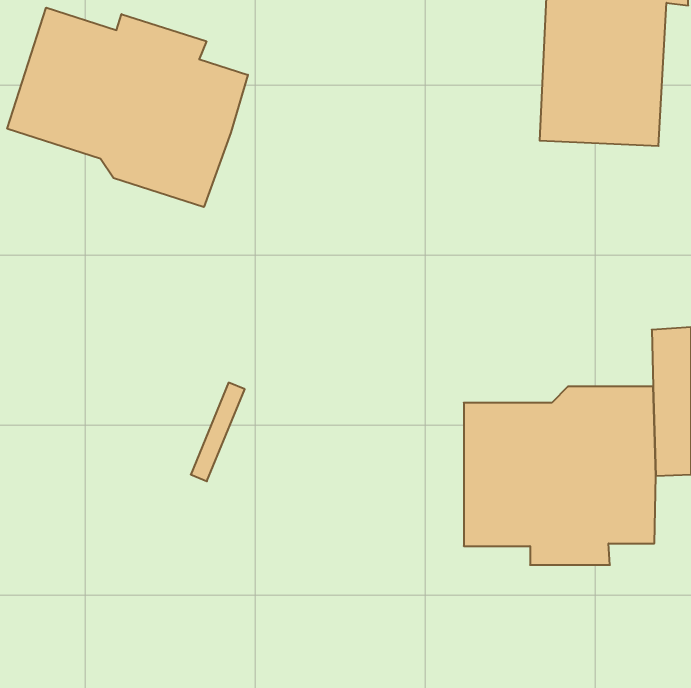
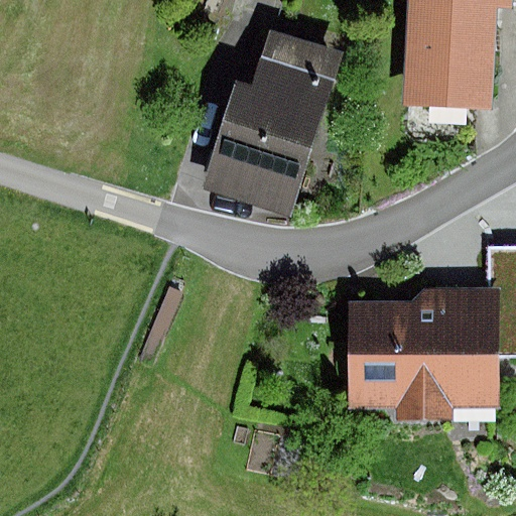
building: [7,8,248,207] -> none
building: none -> [204,28,344,215]

